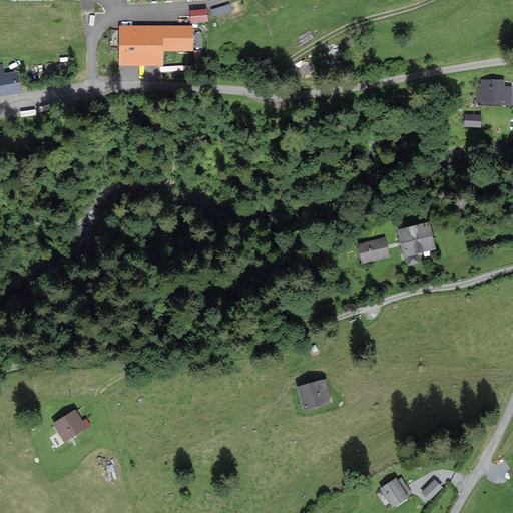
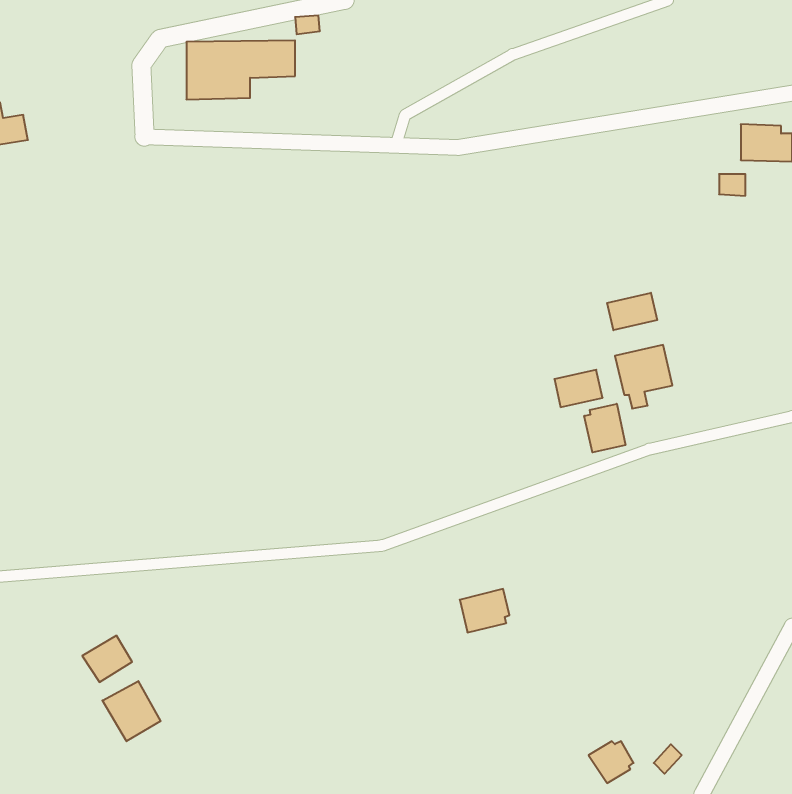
building: none -> [607,293,657,330]
building: none -> [584,404,625,452]
building: none -> [102,681,161,741]

